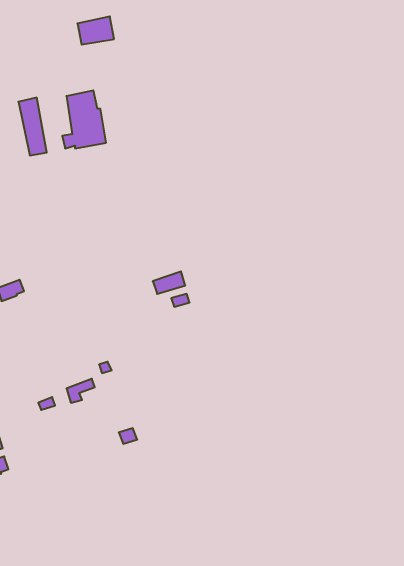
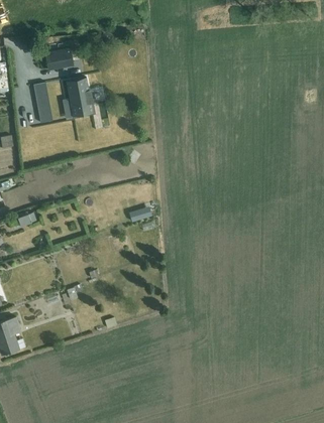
building: [77,16,114,45] -> [45,48,72,68]

